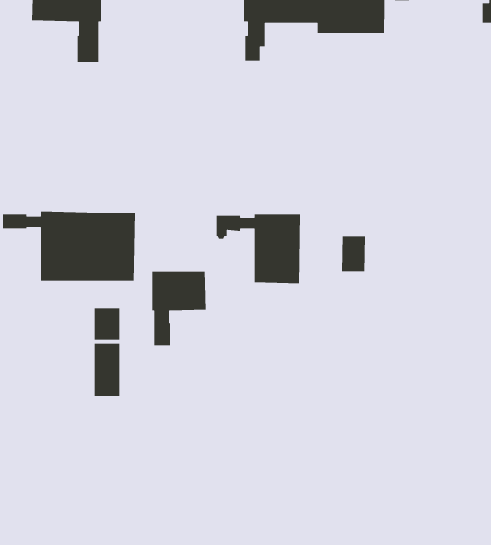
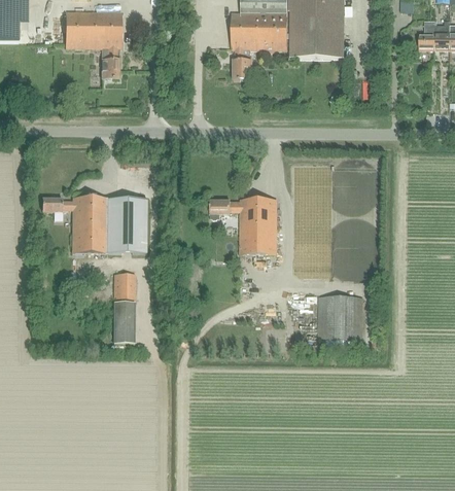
building: [341,235,366,272] -> none
building: [151,271,207,346] -> none
building: none -> [318,294,362,340]

